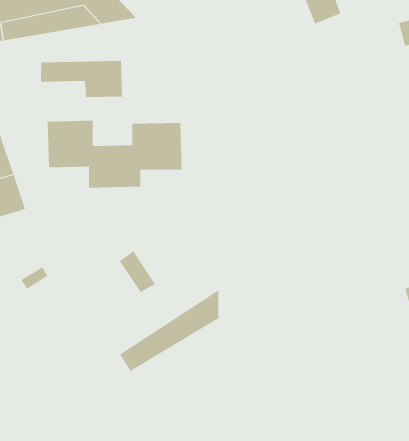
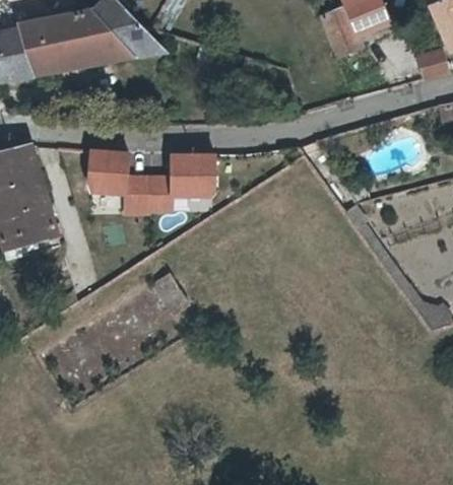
building: [41,60,122,98] -> none
building: [119,289,219,372] -> none

